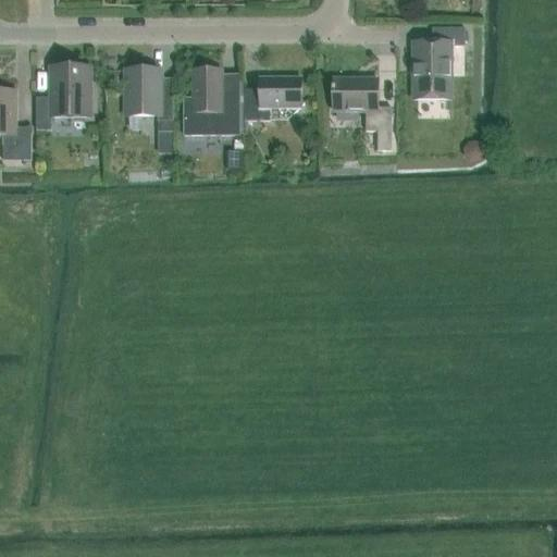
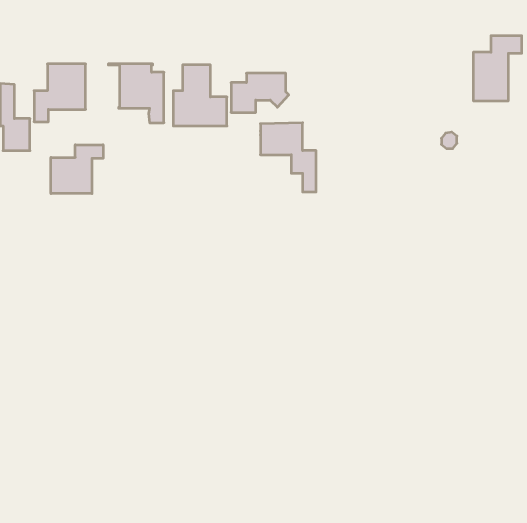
building: [413,26,465,95] -> [473,36,522,101]
building: [333,76,392,149] -> [260,123,316,192]
building: none -> [51,145,103,194]

